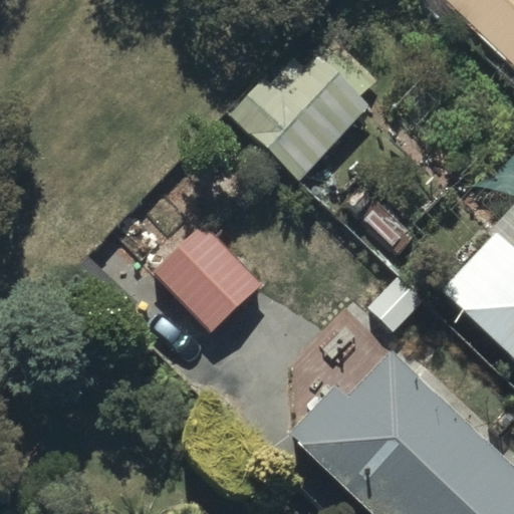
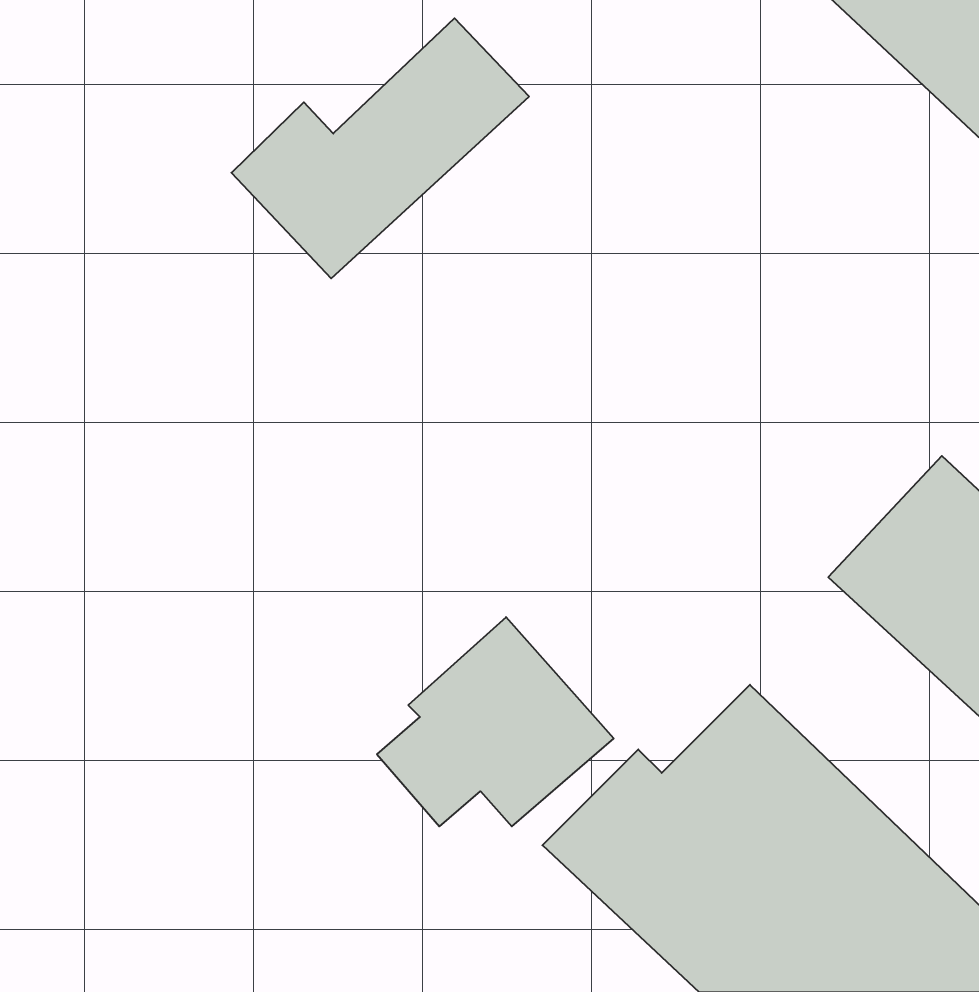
building: [230,39,382,173] -> [231,18,529,278]
building: [142,228,263,335] -> [377,617,614,826]

